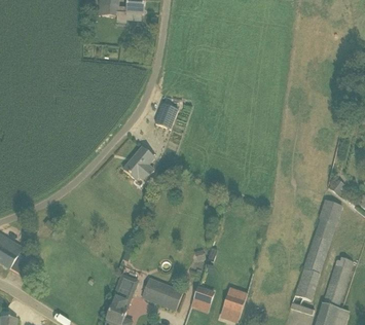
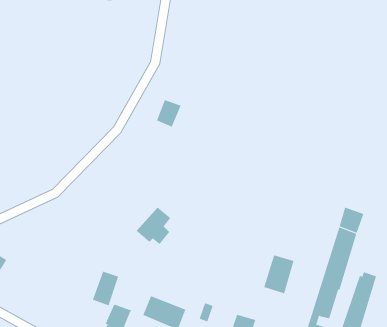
building: [123,146,155,180] -> [136,207,171,245]
building: none -> [263,254,294,294]
building: none -> [92,271,119,306]

